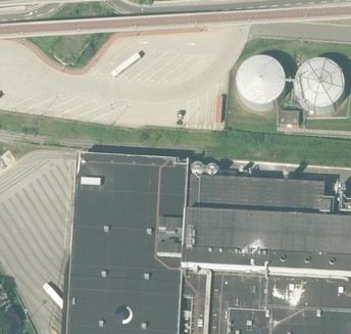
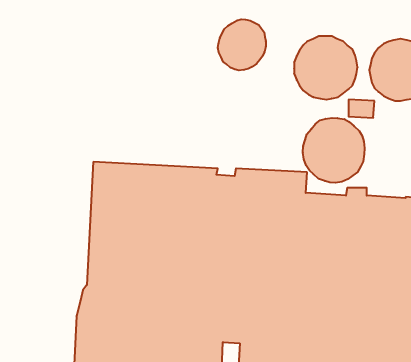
building: none -> [218,19,266,70]
building: none -> [303,118,365,183]

